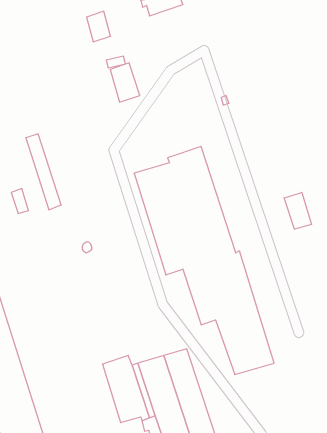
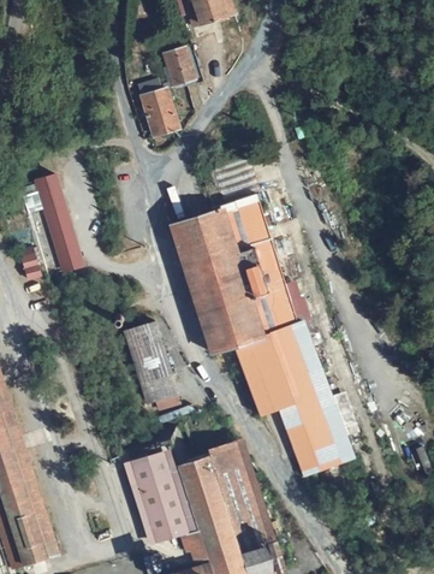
building: [87,11,111,42] -> [165,46,195,84]
building: [284,192,312,229] -> none
building: none -> [123,321,179,406]

